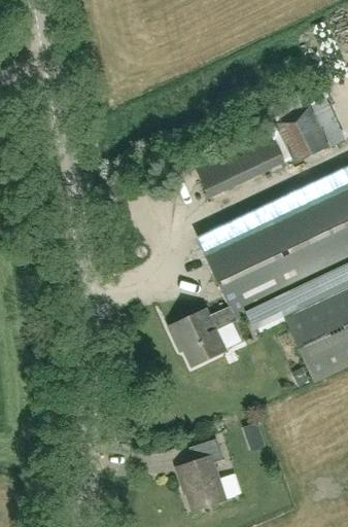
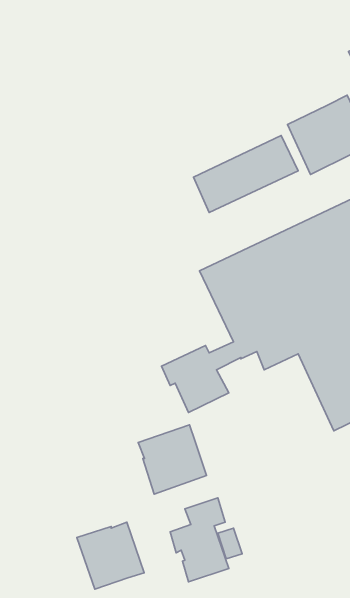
building: none -> [138,425,207,494]
building: none -> [77,522,144,589]

